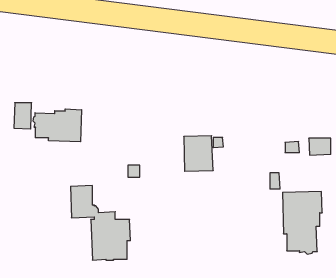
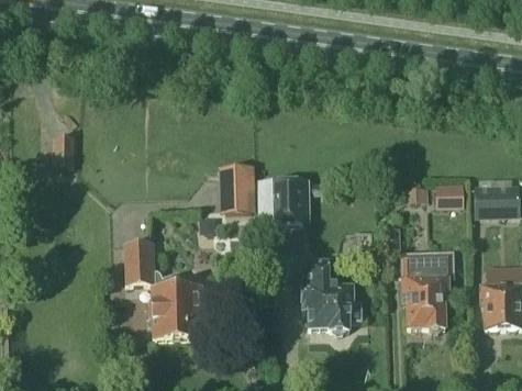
building: [33,109,82,142] -> none
building: none -> [219,166,256,215]
building: none -> [302,261,362,335]

